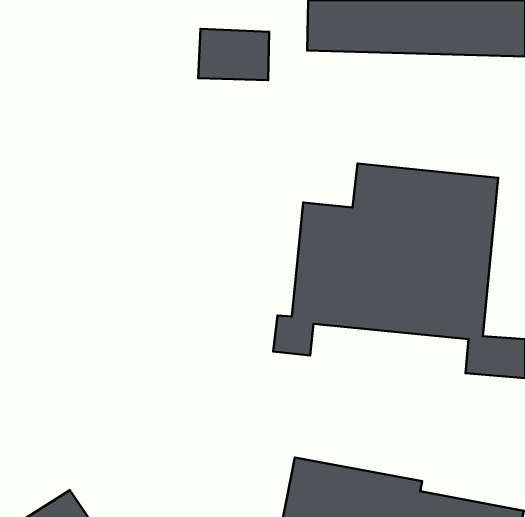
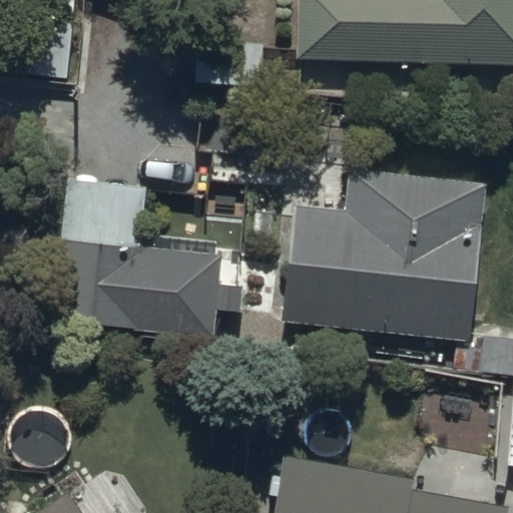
building: none -> [59,182,244,342]

